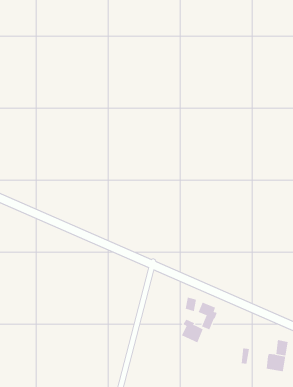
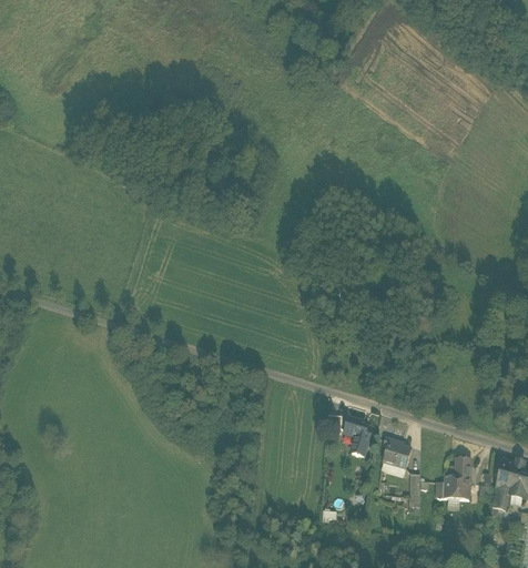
building: [181,319,204,343] -> [382,437,410,468]

